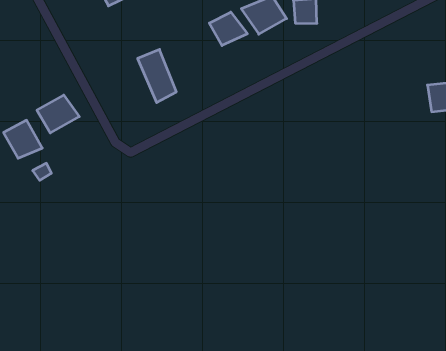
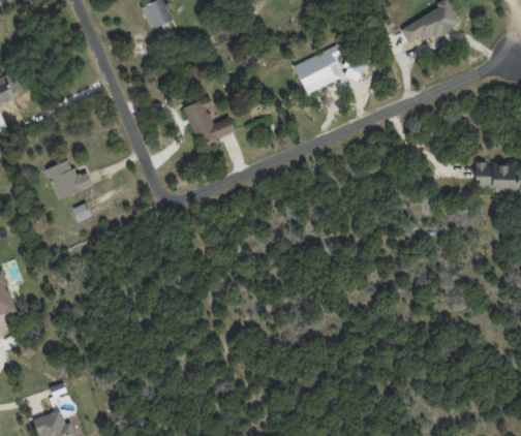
building: [209,12,247,46] -> none
building: [37,95,79,133] -> none

